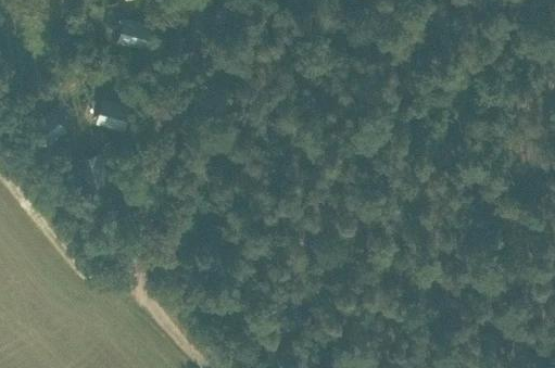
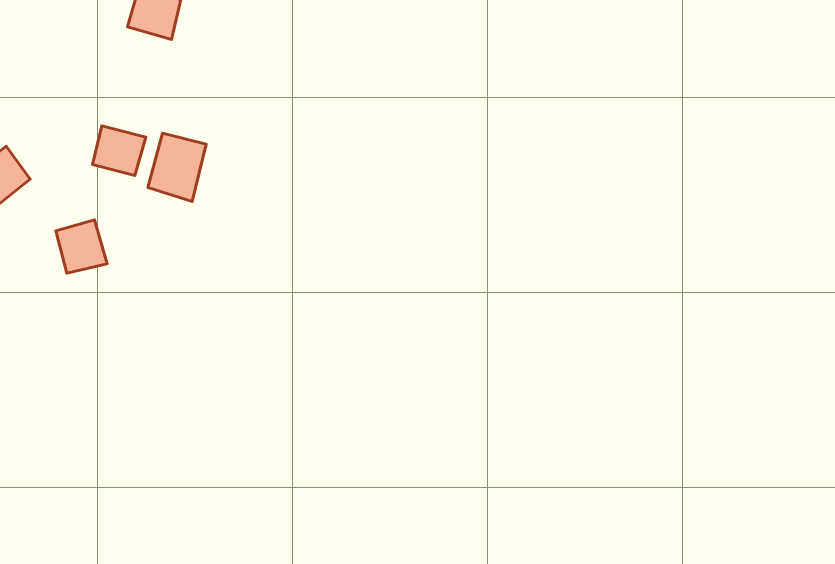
building: none -> [148,133,206,202]

